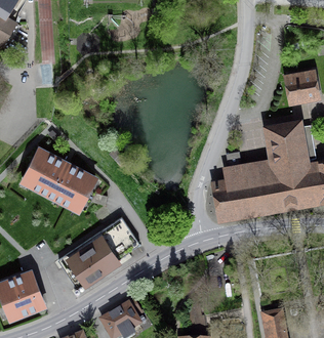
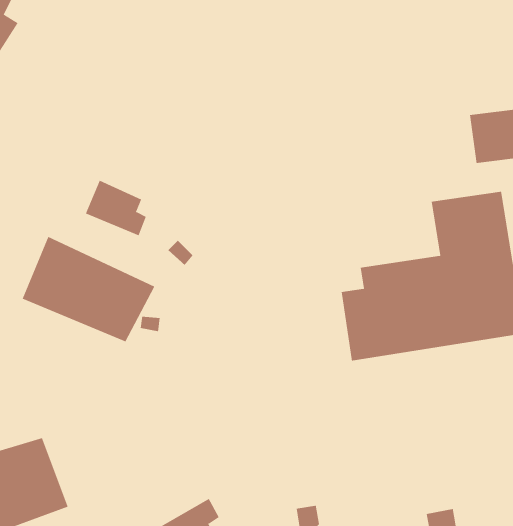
building: none -> [85,180,147,236]
building: [56,217,144,290] -> none

